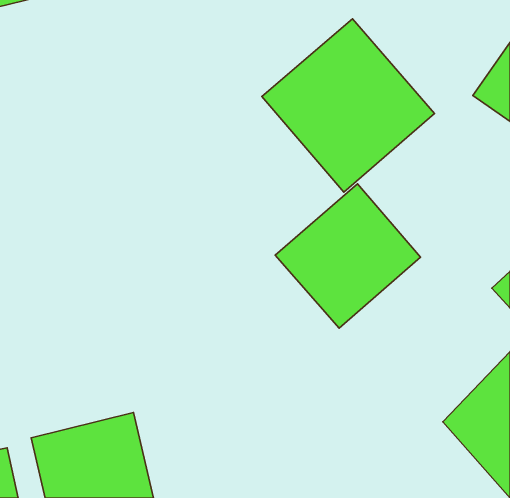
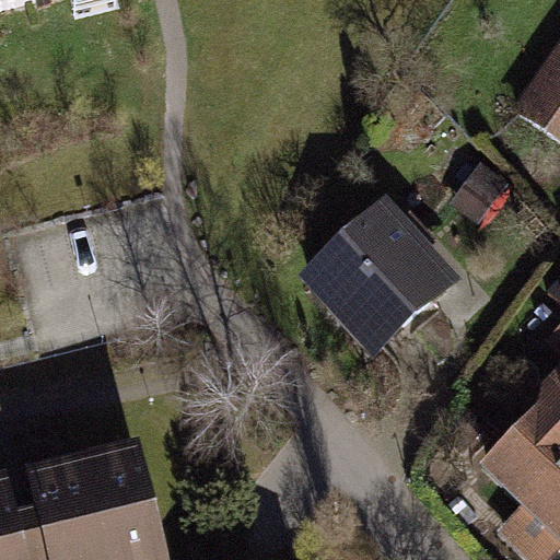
building: [262,19,435,192] -> none

